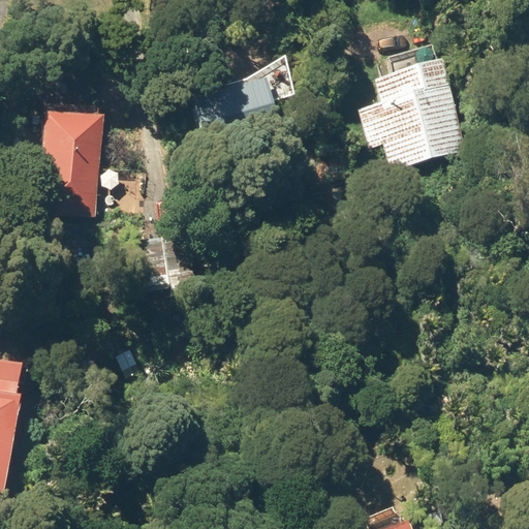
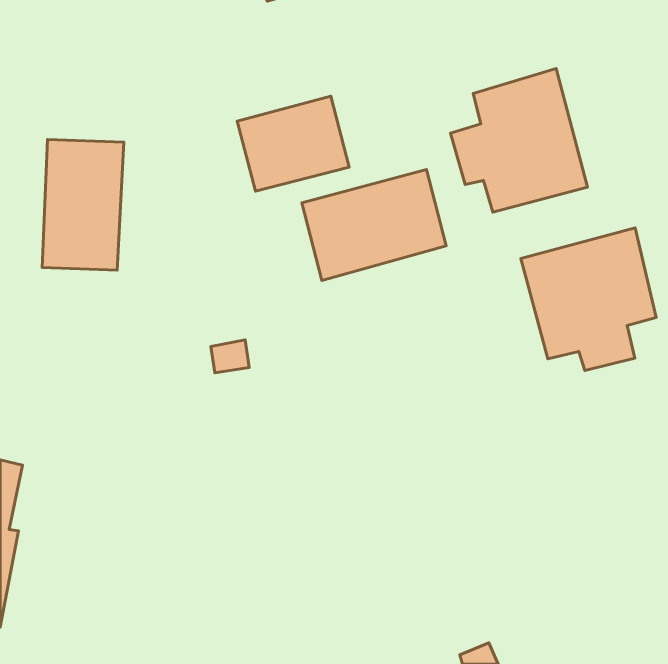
building: none -> [302,169,446,280]
building: none -> [521,228,656,371]

